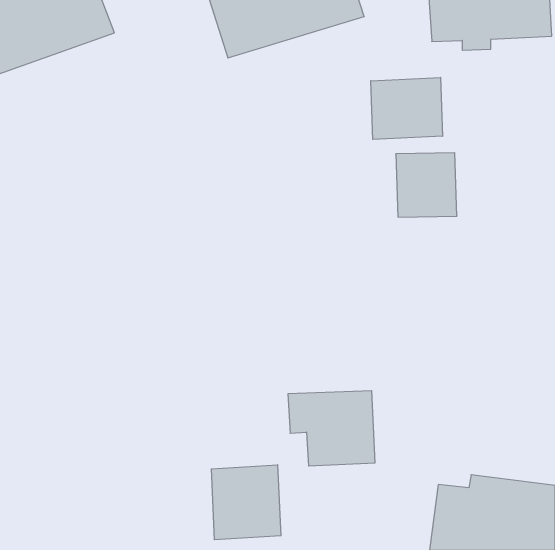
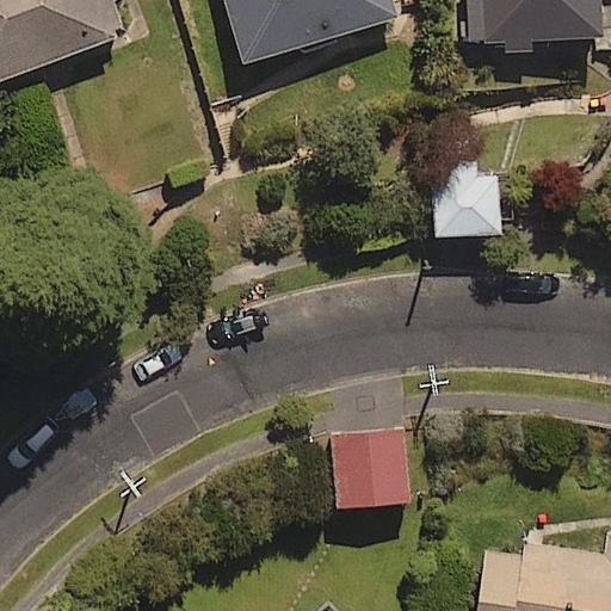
building: [371,77,443,139] -> none
building: [211,465,281,540] -> none

